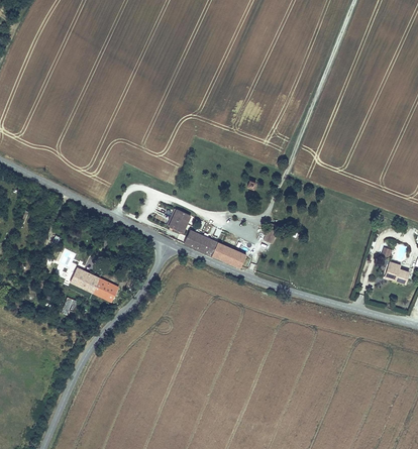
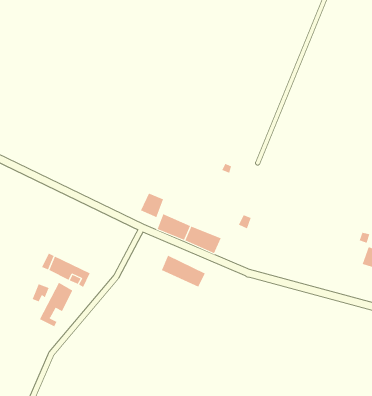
building: none -> [161,255,205,287]
building: none -> [39,282,73,327]

